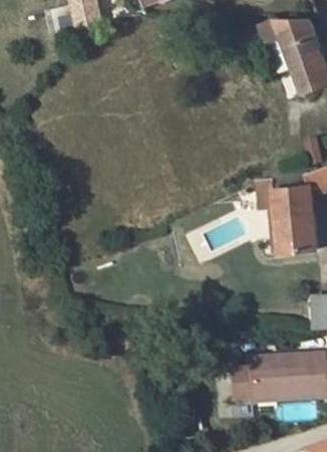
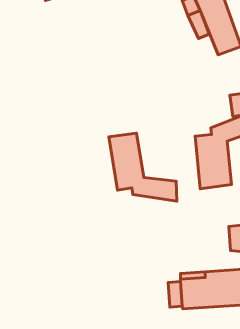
building: none -> [109,133,177,201]

